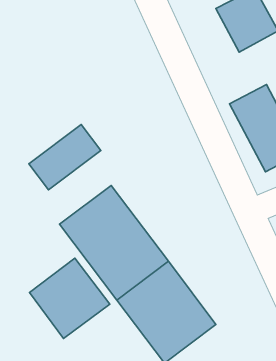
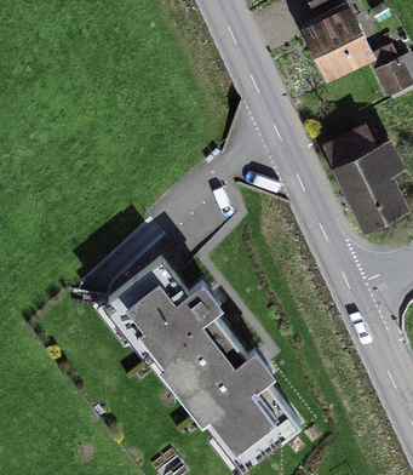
building: [29,124,101,190] -> none
building: [30,258,110,338] -> none

